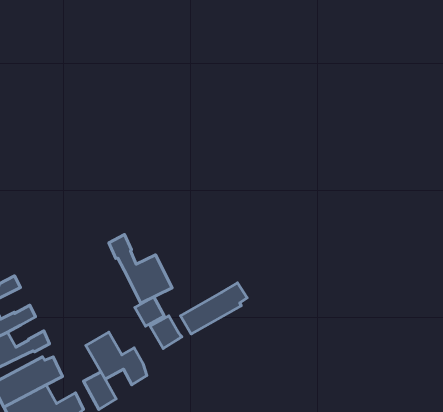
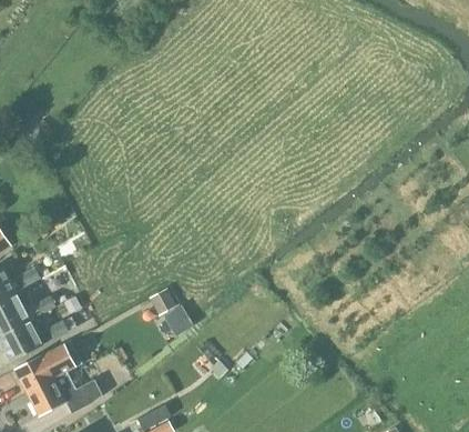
building: [109,234,172,303] -> none
building: [181,283,247,334] -> none
building: [86,332,147,385] -> none

